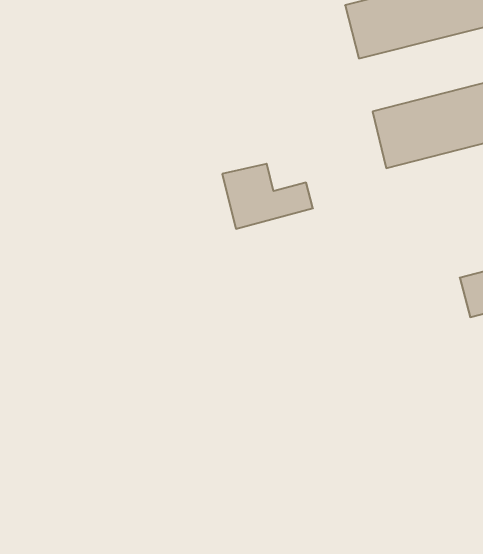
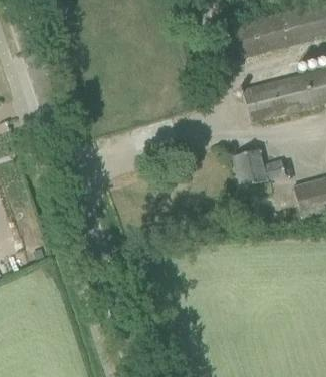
building: [222,164,313,229] -> [236,147,289,185]

